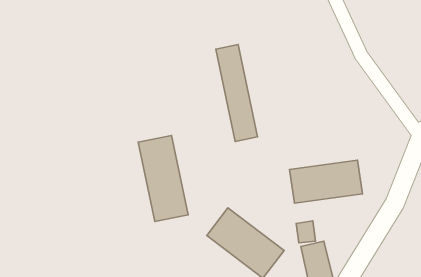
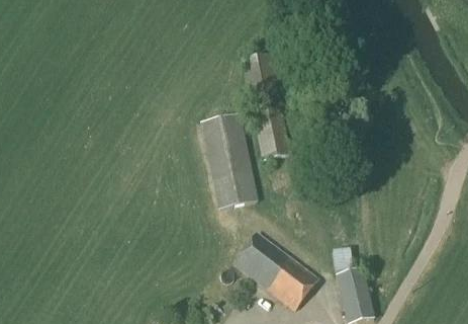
building: [138,136,188,221] -> [201,112,256,207]
building: [290,160,362,203] -> none

